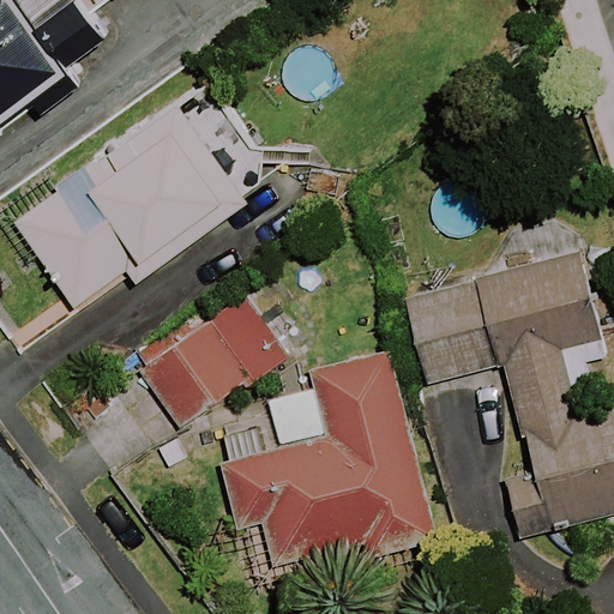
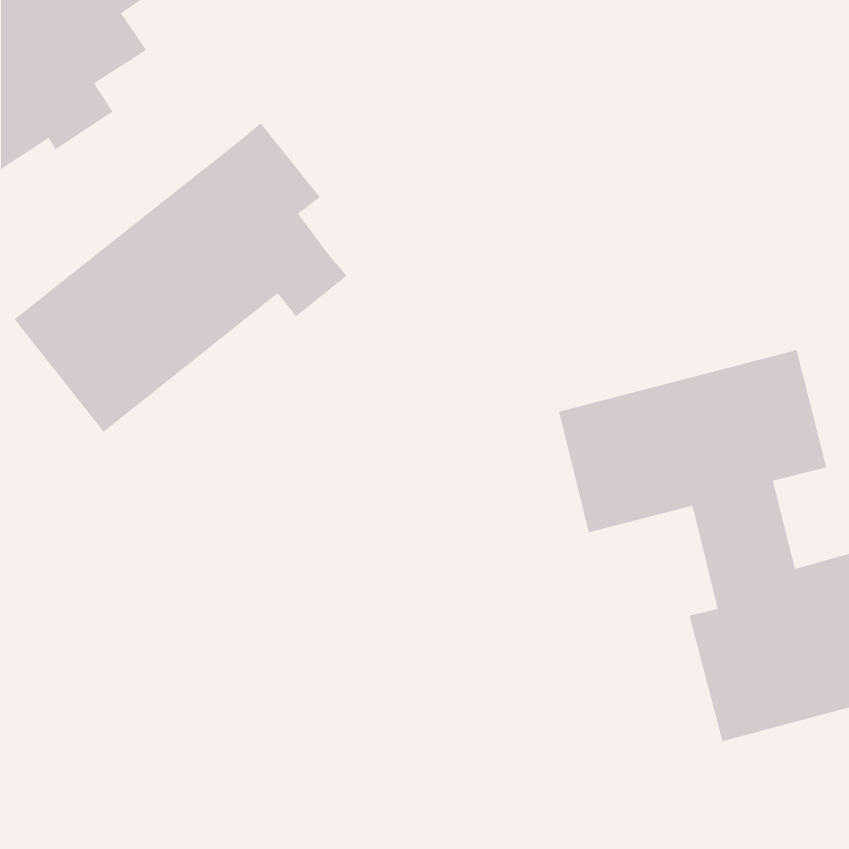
building: [138,301,278,425] -> none
building: [222,349,433,564] -> none

